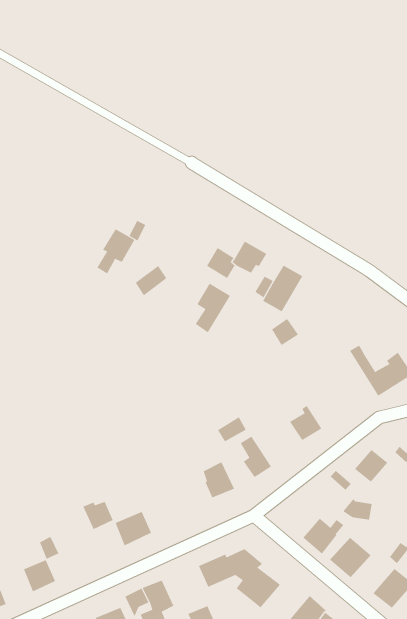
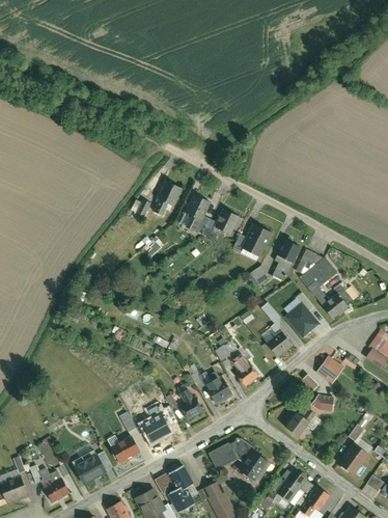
building: [97,229,135,274] -> [154,181,181,215]
building: [195,283,231,333] -> [185,195,210,233]
building: none -> [272,240,298,280]
building: none -> [299,256,337,287]
building: none -> [292,303,320,332]
building: none -> [179,388,202,419]
building: none -> [109,435,138,465]
building: [329,537,372,578] -> none

